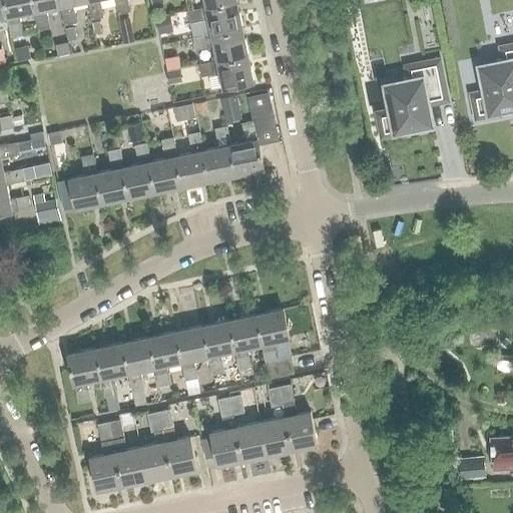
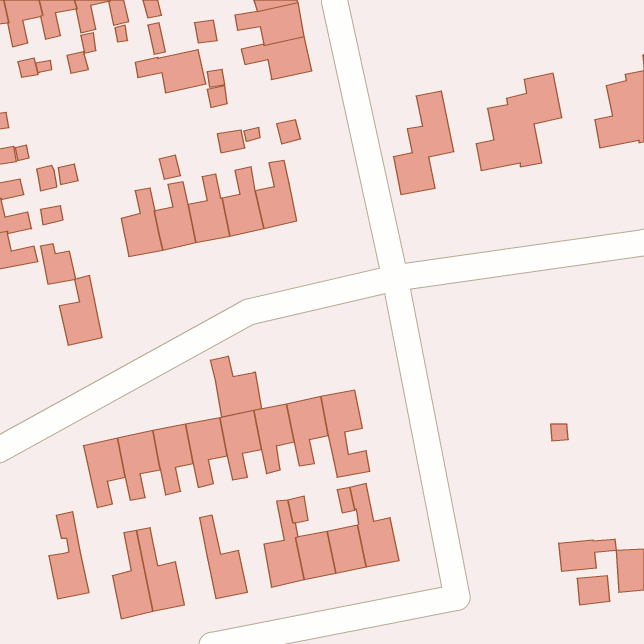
building: [197,57,253,91] -> [135,50,206,93]
building: [229,94,278,176] -> [393,91,454,195]
building: [68,155,102,210] -> [59,276,102,345]
building: none -> [211,356,262,417]
building: [139,412,171,481] -> [49,512,89,599]
building: none -> [559,539,616,571]

